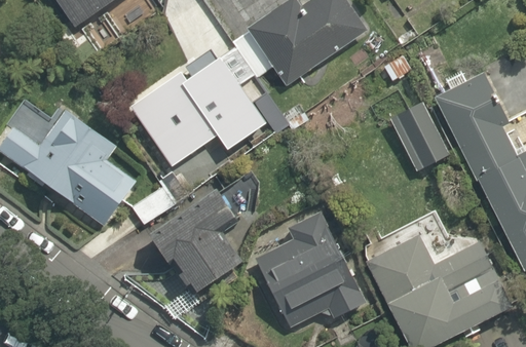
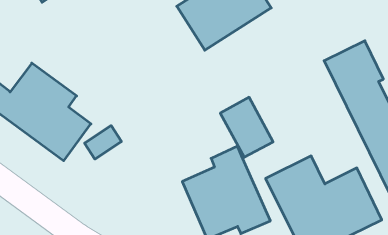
building: [132,46,266,164] -> none
building: [385,97,453,174] -> [220,97,273,157]
building: [145,189,248,301] -> none

